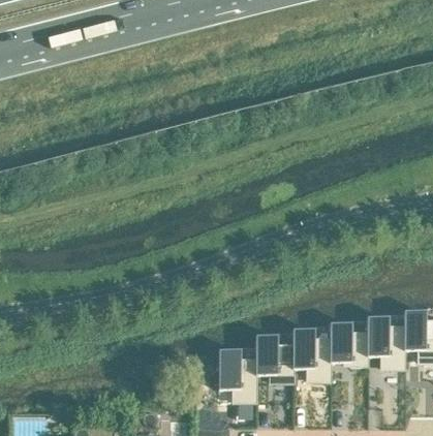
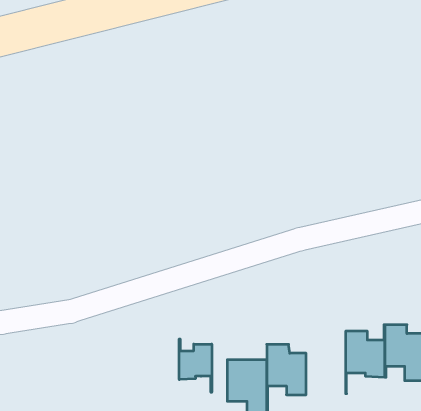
building: [291,323,329,383] -> none
building: none -> [179,339,212,392]

